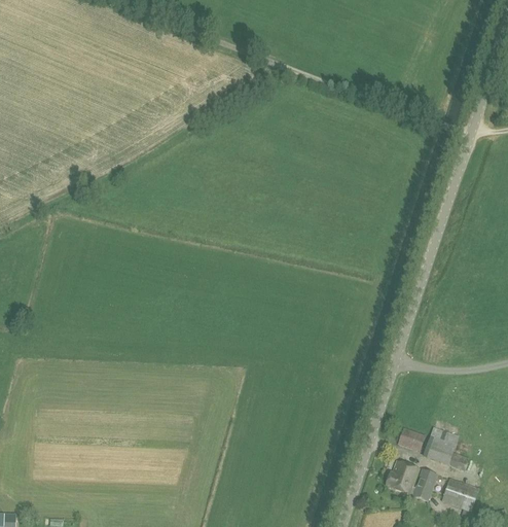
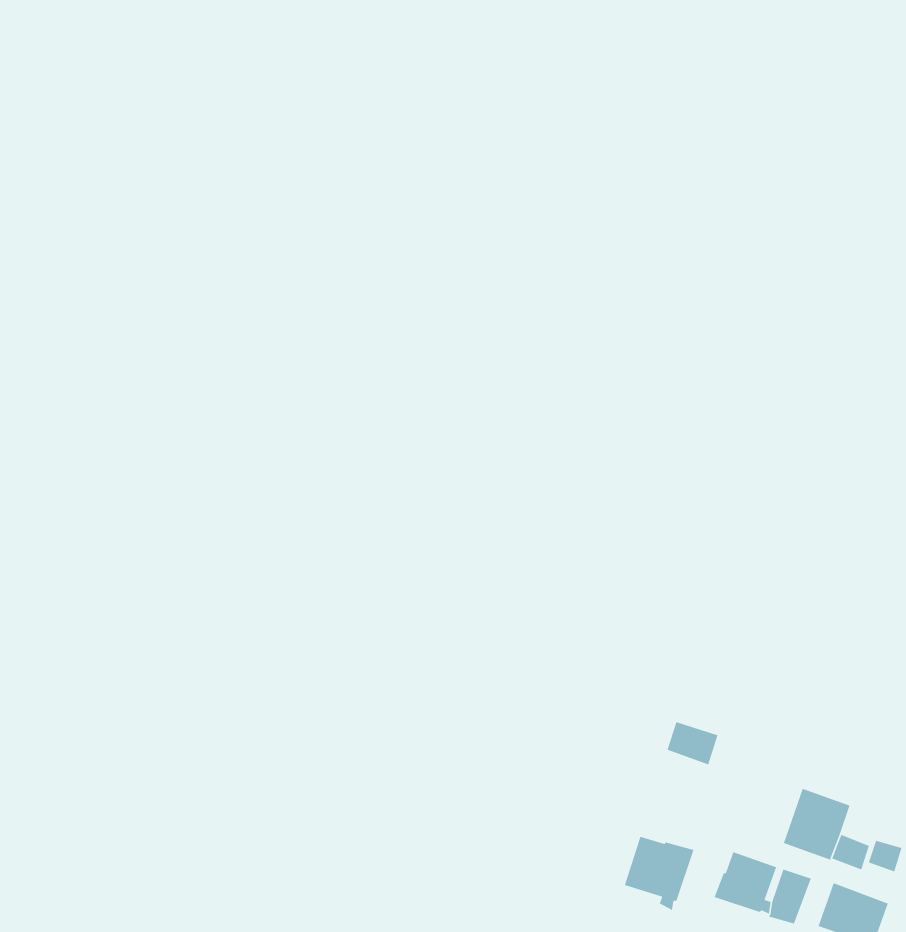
building: [398,427,426,451] -> [666,721,718,766]
building: none -> [624,836,694,911]

